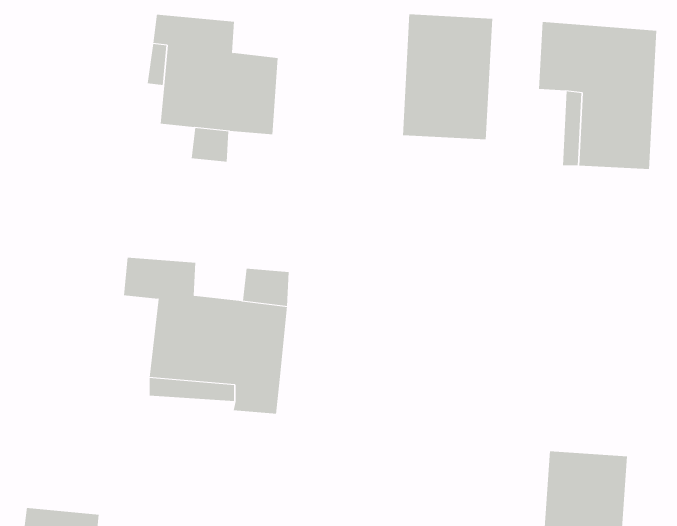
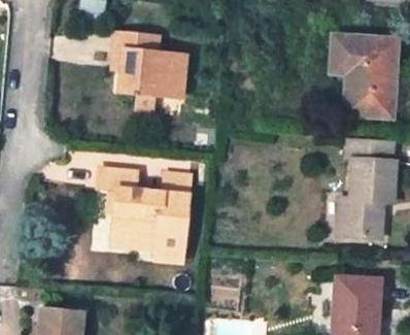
building: [402,14,493,140] -> none
building: none -> [338,137,397,238]

